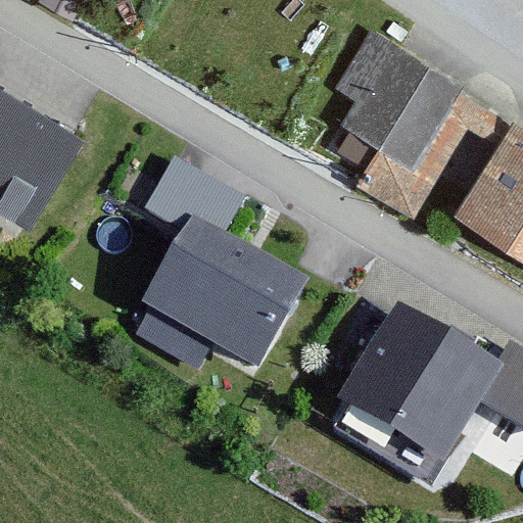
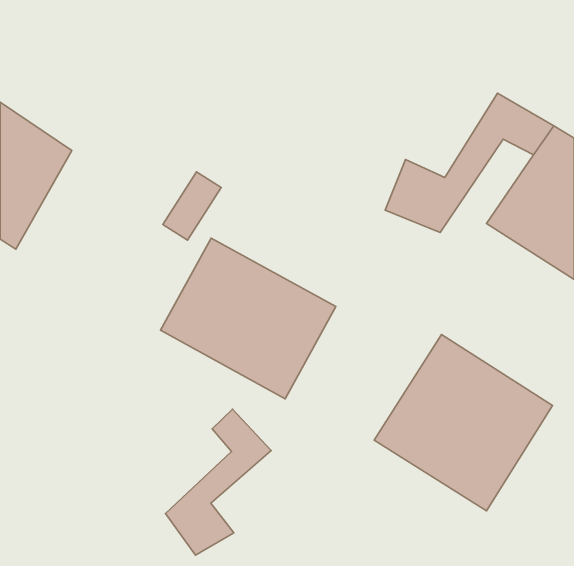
building: [336,43,453,161] -> none
building: none -> [166,409,271,555]

